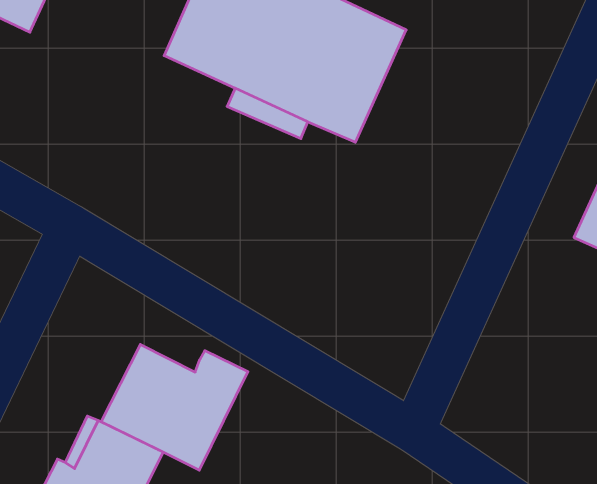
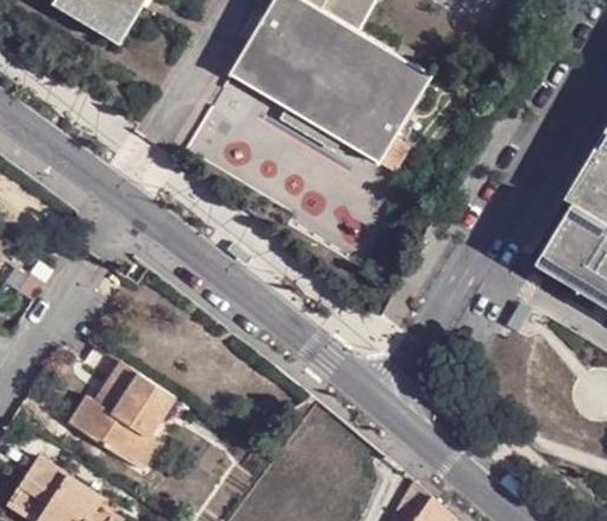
building: [101,344,248,470] -> none

